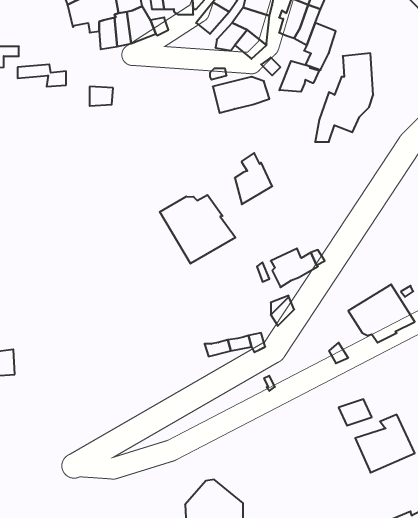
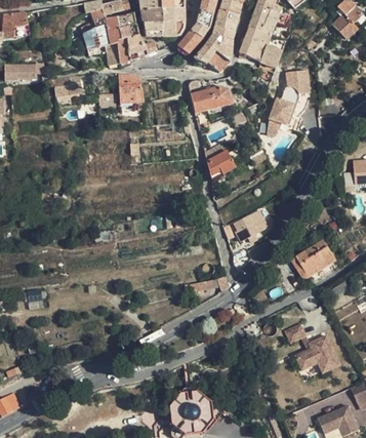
building: none -> [118,72,145,104]
building: [279,61,319,92] -> none
building: [160,195,235,264] -> none

